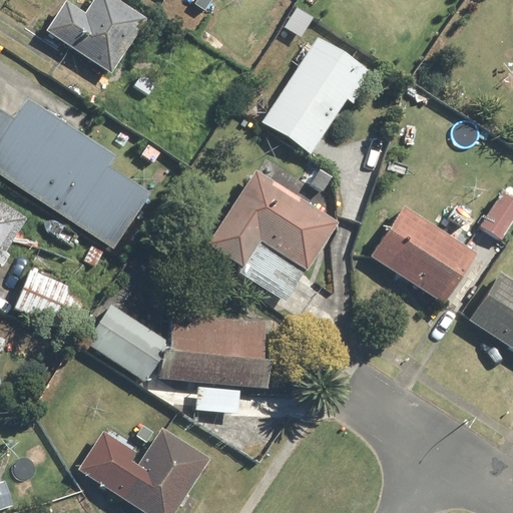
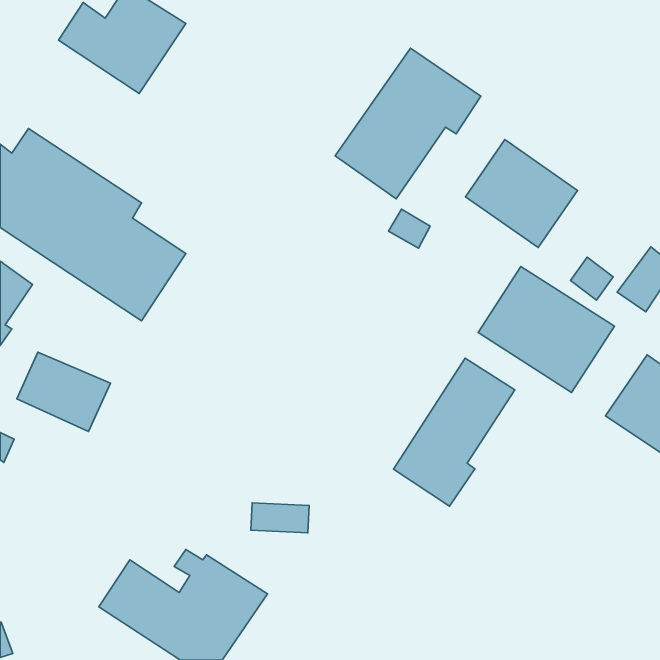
building: none -> [466,140,577,247]
building: [212,172,335,301] -> none
building: none -> [393,358,515,506]
building: [82,301,265,383] -> none

